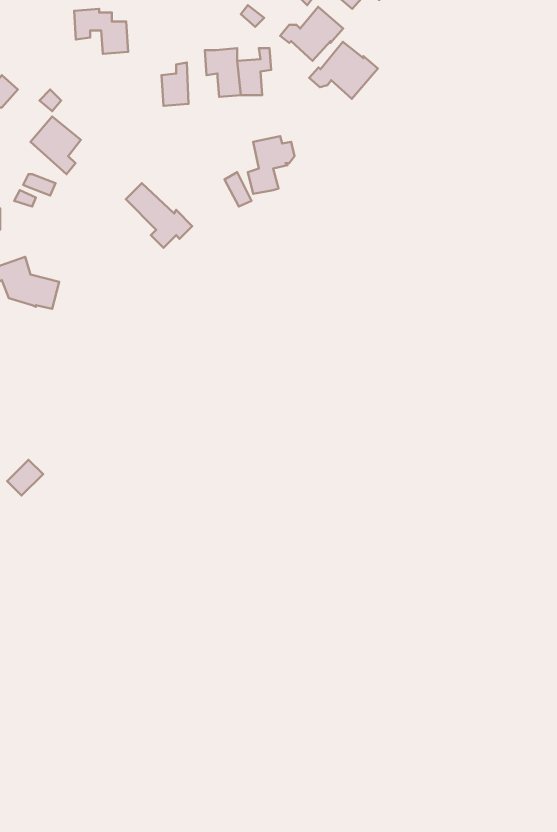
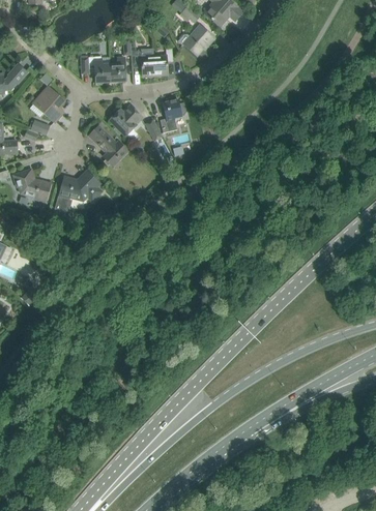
building: [74,9,128,54] -> [80,56,111,82]
building: [309,42,378,99] -> none
building: none -> [110,104,143,132]
building: none -> [55,170,102,209]

